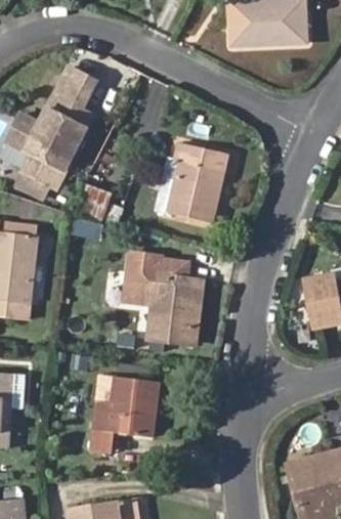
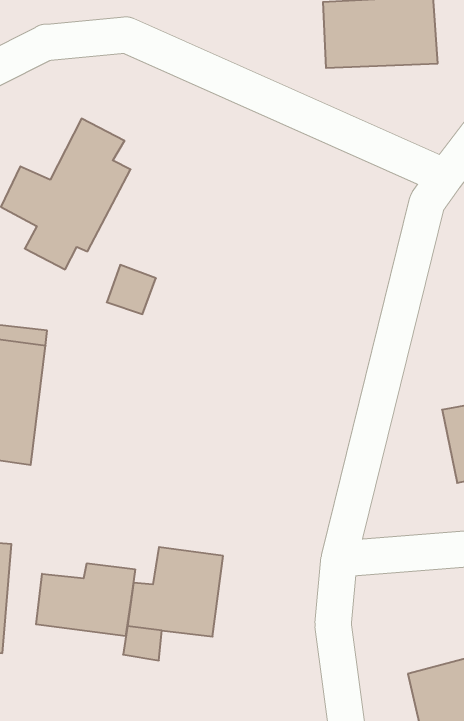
building: [157,143,227,222] -> none
building: [126,253,201,344] -> none
building: none -> [36,563,135,636]

